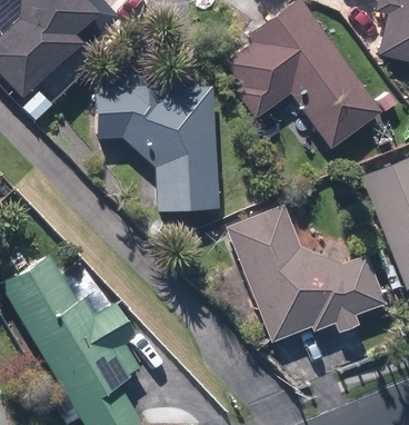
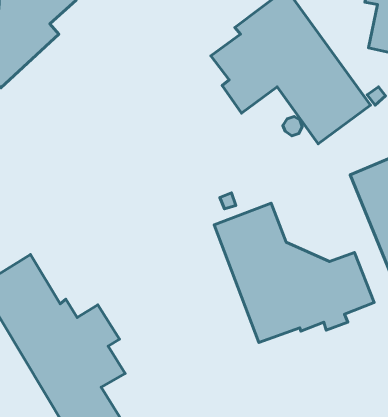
building: [94,75,220,210] -> none

